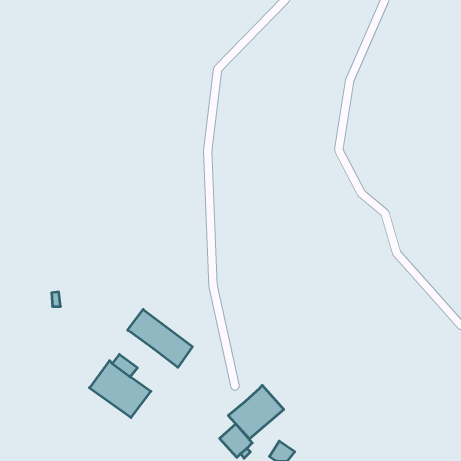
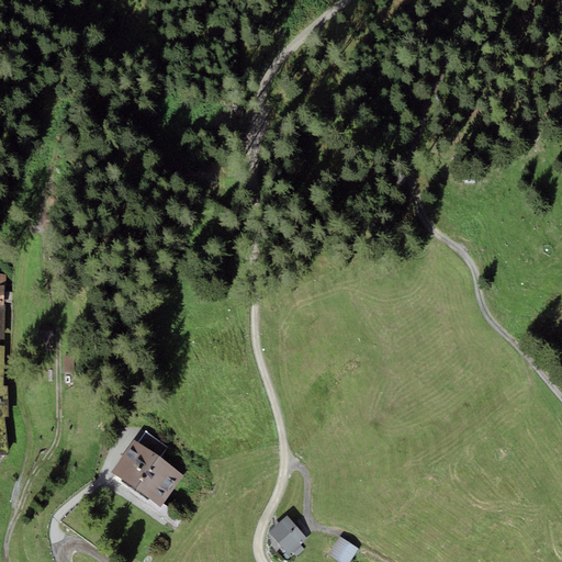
building: [128,309,192,367] -> none
building: [228,385,284,439] -> none

